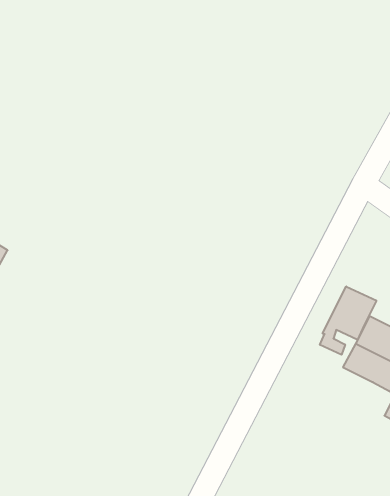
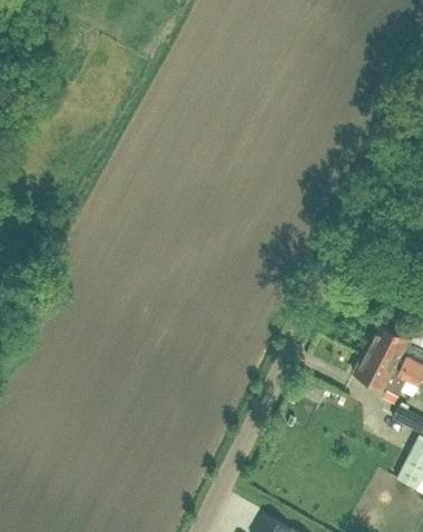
building: [320,286,376,355] -> none

